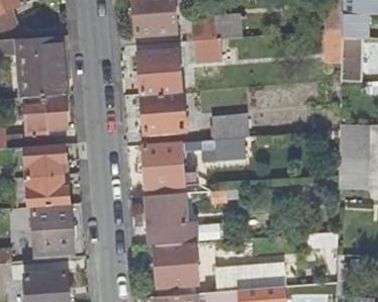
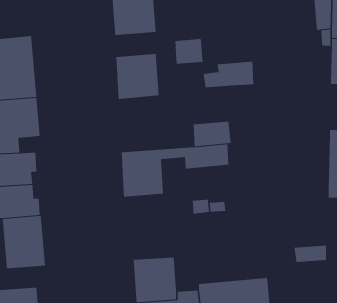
building: [192,14,241,39] -> [203,61,254,88]
building: [140,91,185,133] -> none
building: [146,192,196,245] -> none

